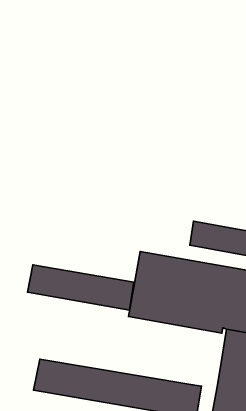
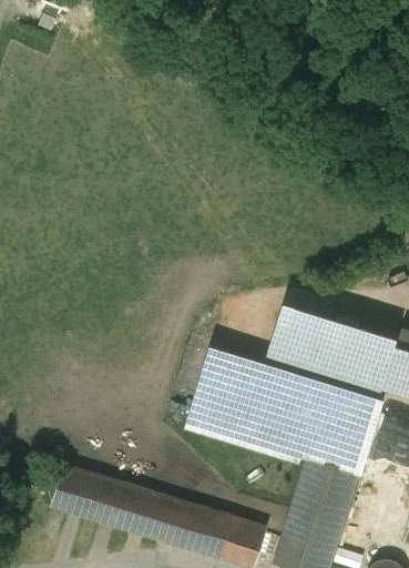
building: [27,265,134,310] -> none

